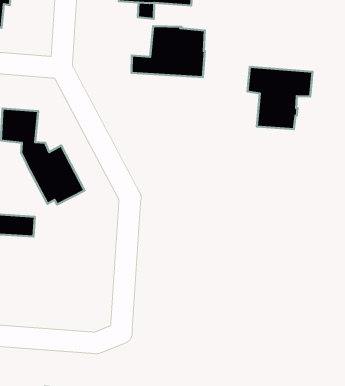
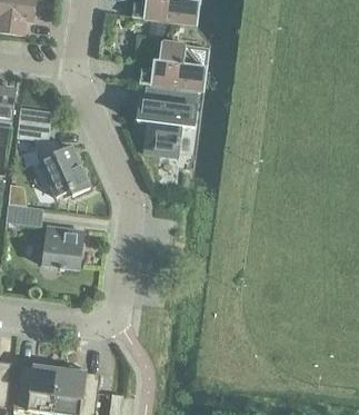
building: [248,67,312,129] -> [136,98,196,157]
building: none -> [36,226,82,269]

